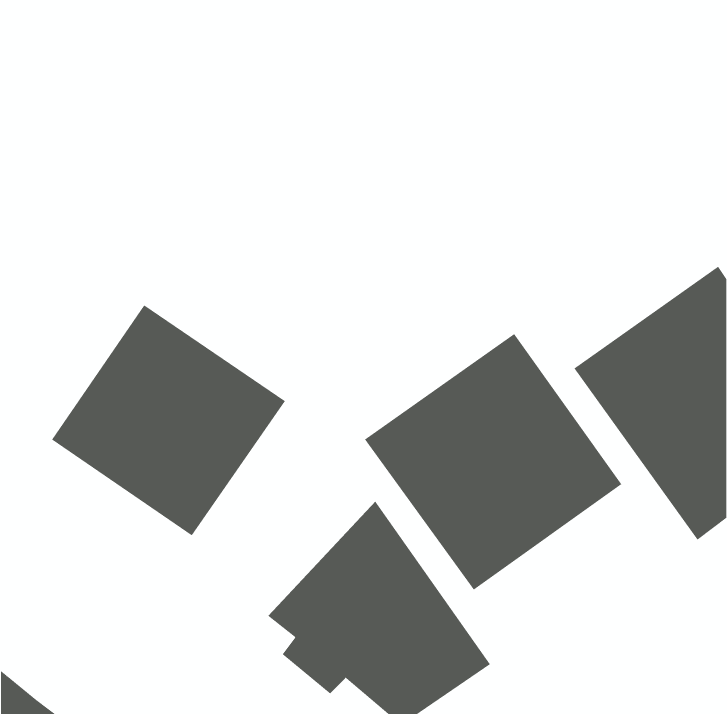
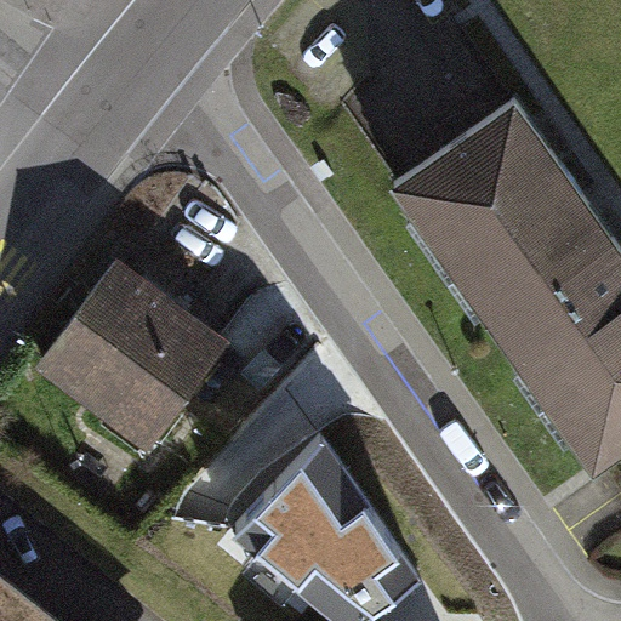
building: none -> [389,98,613,325]
building: [364,333,622,590] -> none

